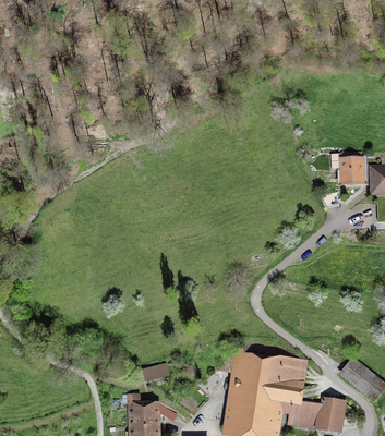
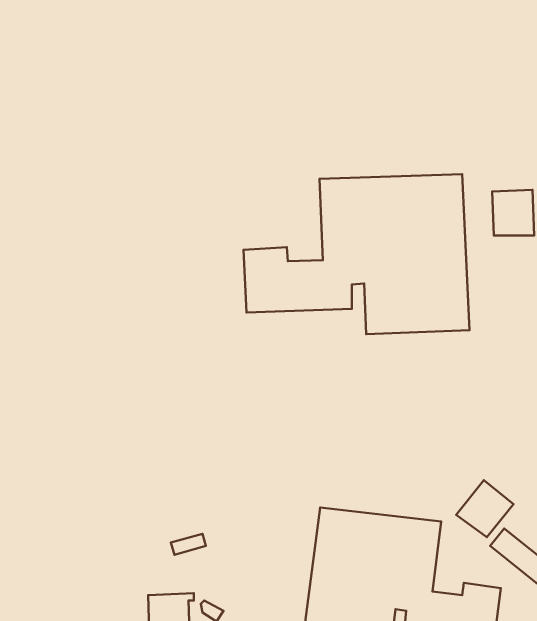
building: none -> [243,174,470,334]
building: none -> [456,480,513,537]

